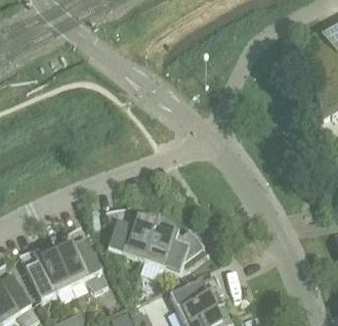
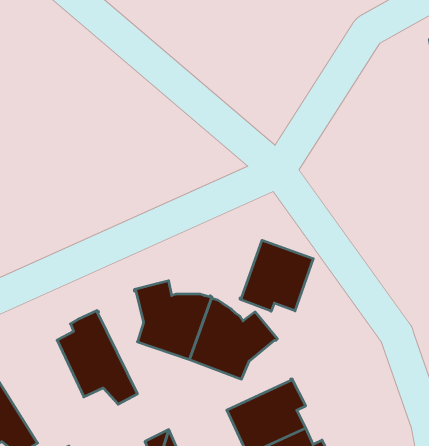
building: none -> [240,240,313,311]
building: [18,246,71,300] -> none

